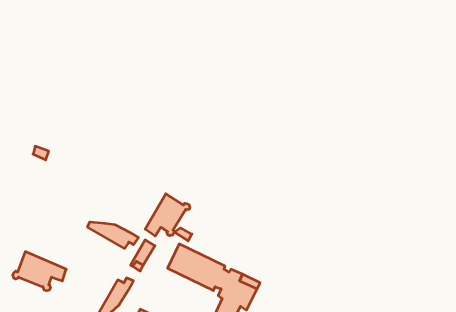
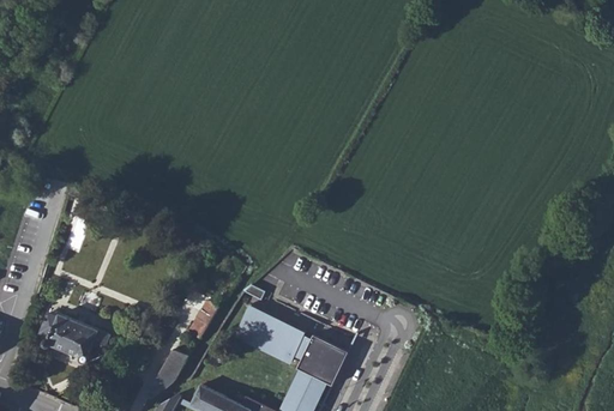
building: [145,194,190,236] -> none
building: [88,222,138,248] -> none

